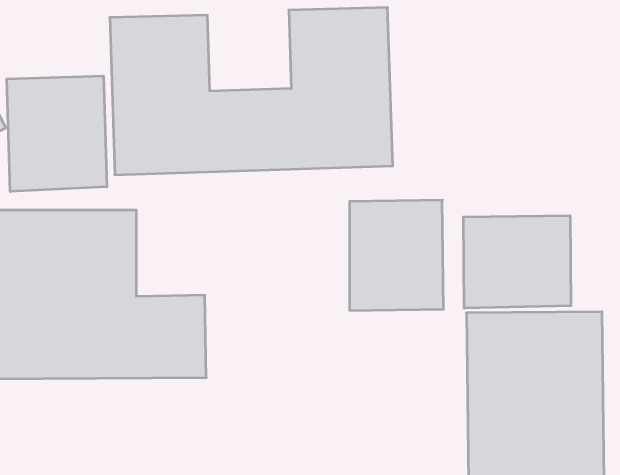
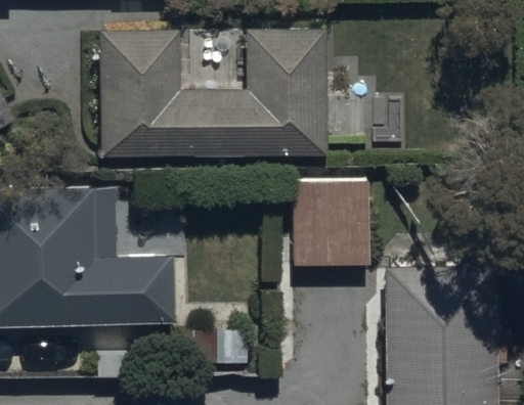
building: [7,76,107,192] -> none
building: [463,216,571,308] -> none

